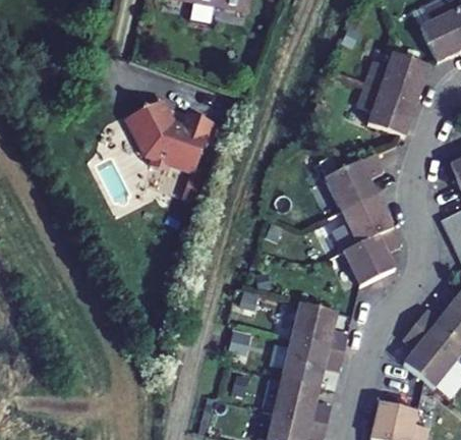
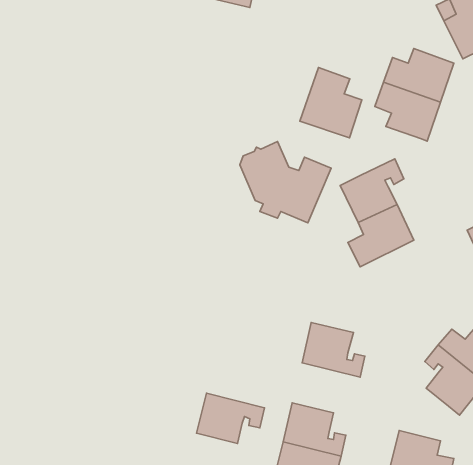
building: none -> [300,68,362,138]
building: [126,98,210,172] -> [240,141,331,223]
building: [344,227,401,285] -> none
building: [282,339,344,385] -> [196,393,264,443]

